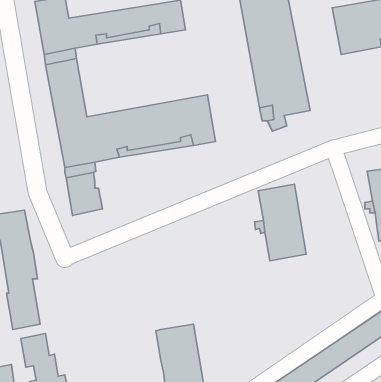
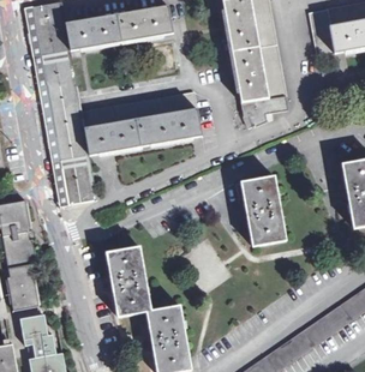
building: none -> [104,247,150,317]

